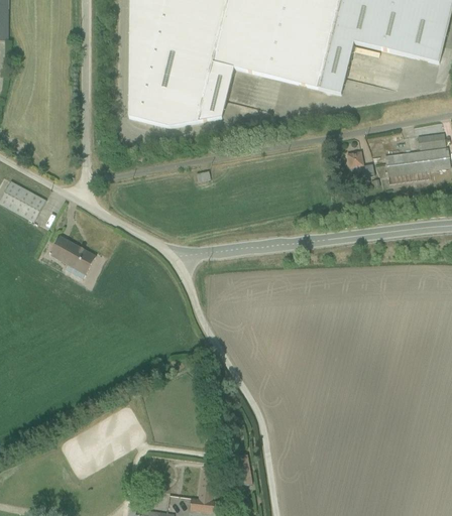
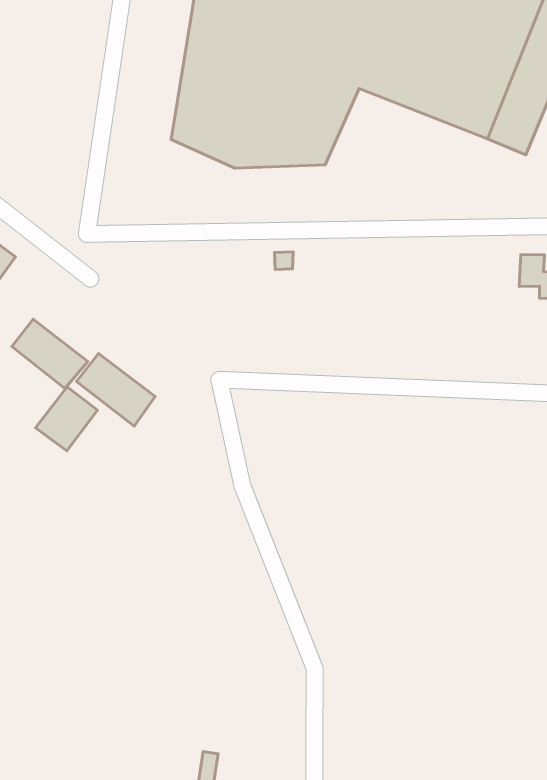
building: none -> [77,354,155,426]
building: none -> [35,387,97,451]

